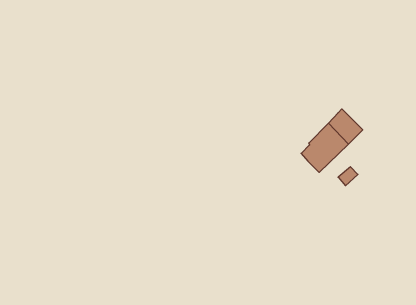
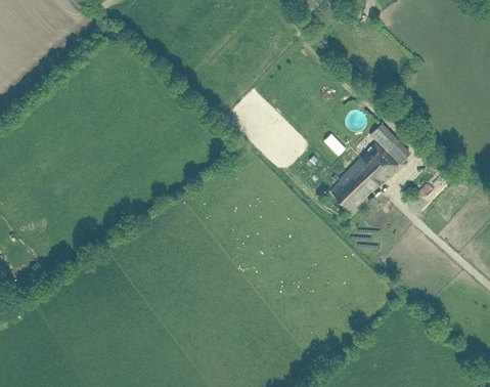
building: none -> [370,123,411,165]

